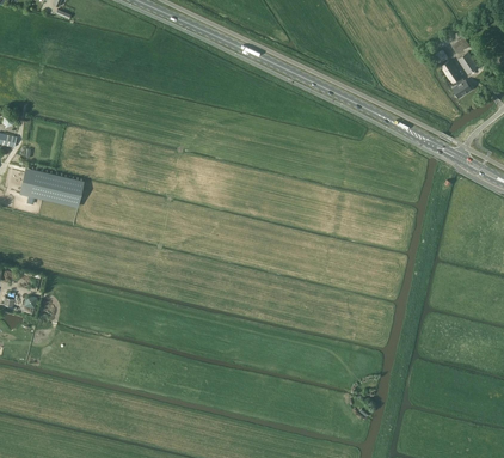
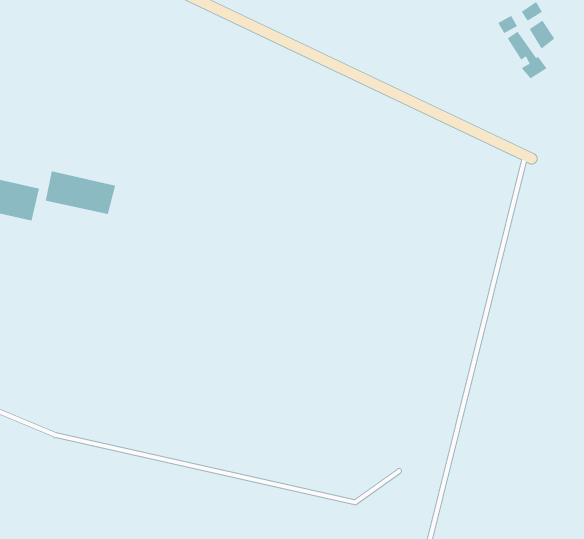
building: none -> [45,171,116,215]

